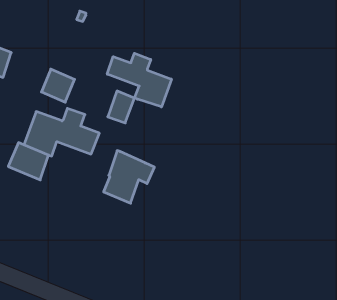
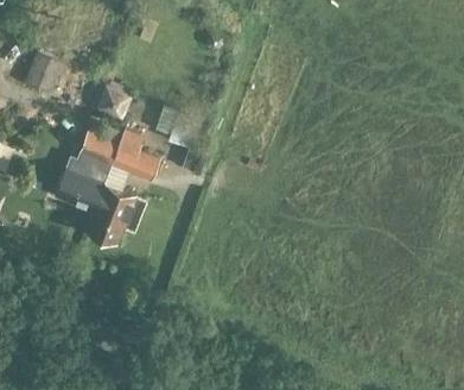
building: [107,53,171,107] -> none
building: [104,151,154,203] -> [85,182,144,243]

